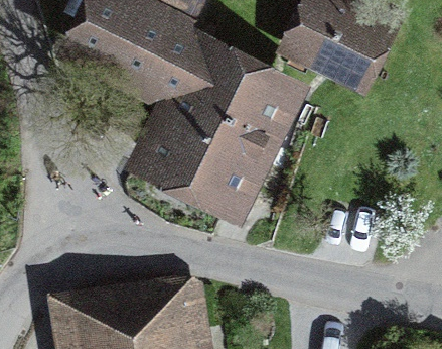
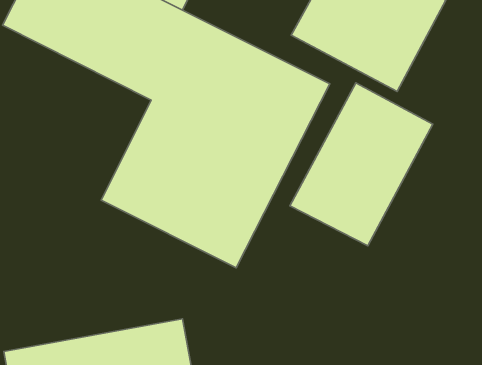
building: none -> [290,83,433,246]

